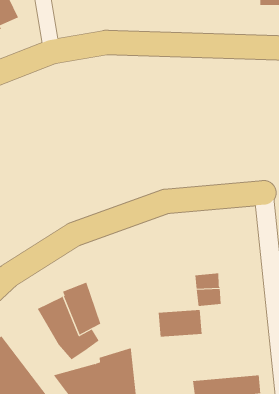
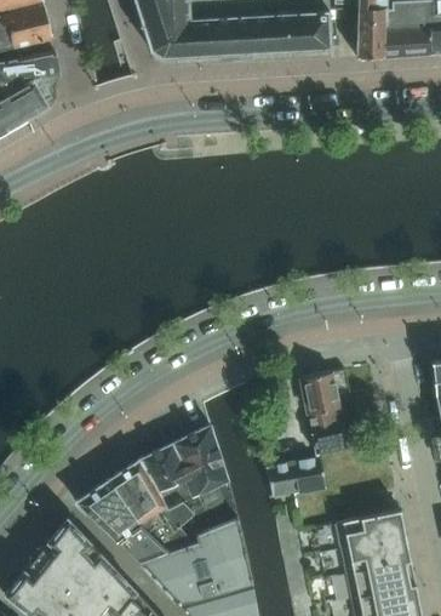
building: none -> [302,369,350,415]
building: none -> [171,421,236,524]
building: none -> [76,479,193,563]
building: none -> [315,509,406,552]

